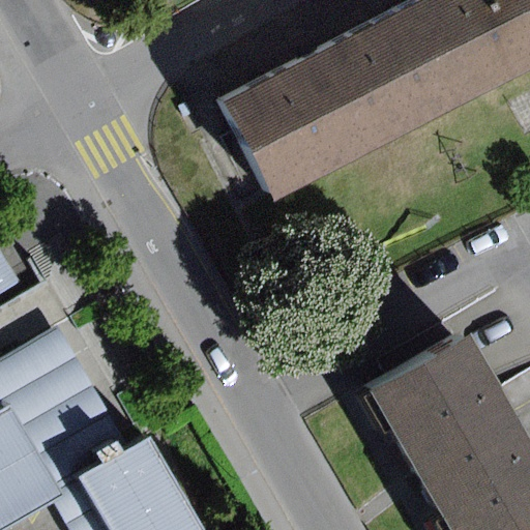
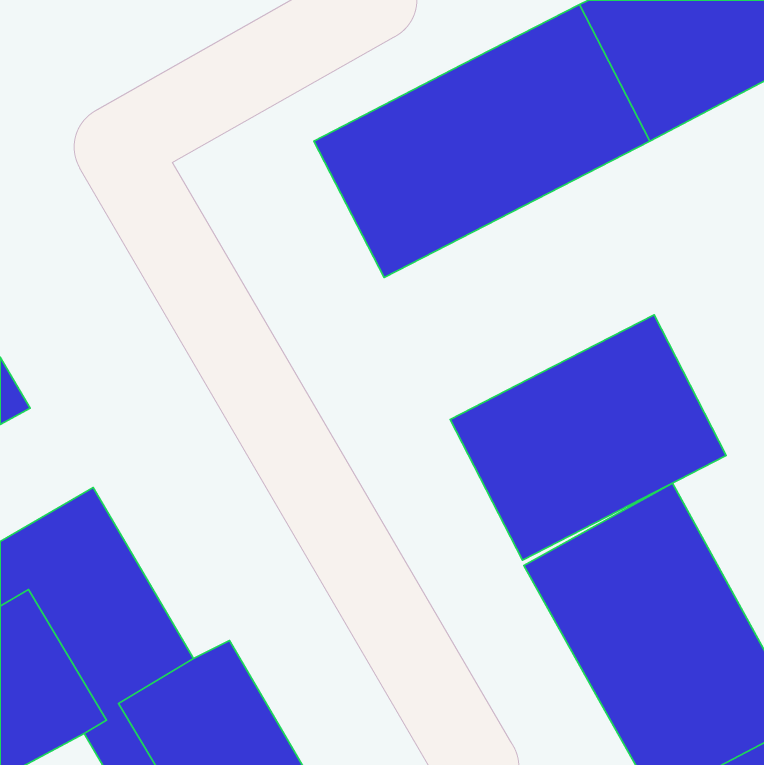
building: none -> [450,315,726,560]

